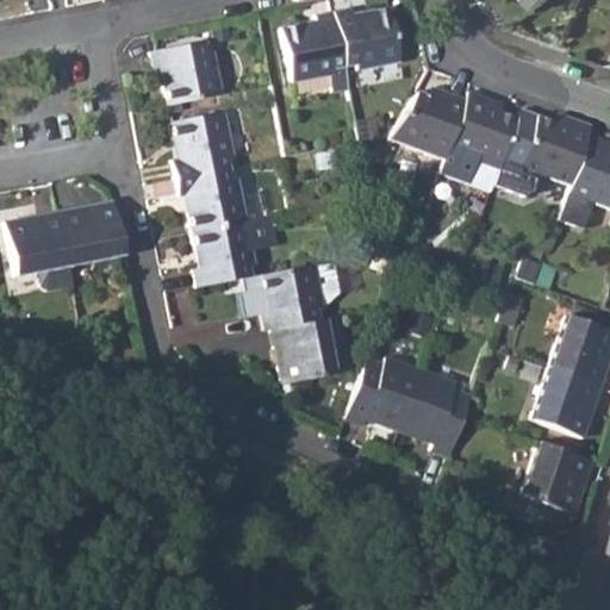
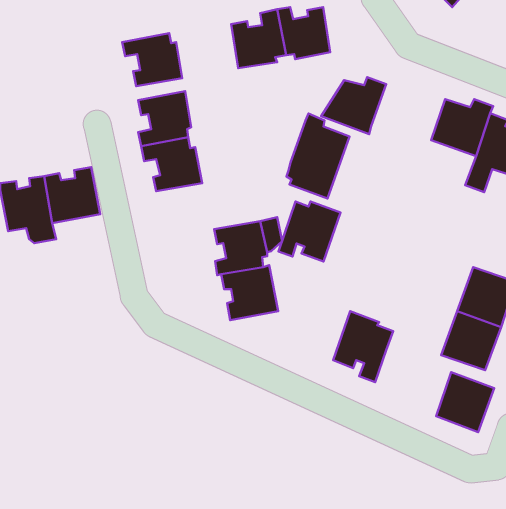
building: [443,92,518,193] -> [286,113,349,198]
building: [192,213,275,285] -> none
building: [349,357,423,429] -> [278,201,340,261]

